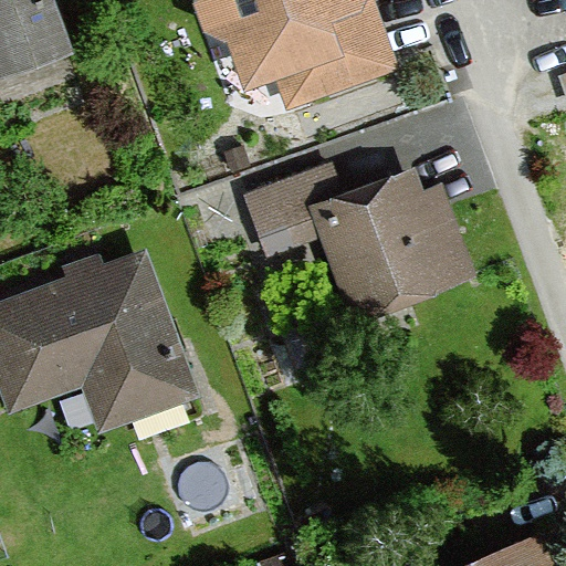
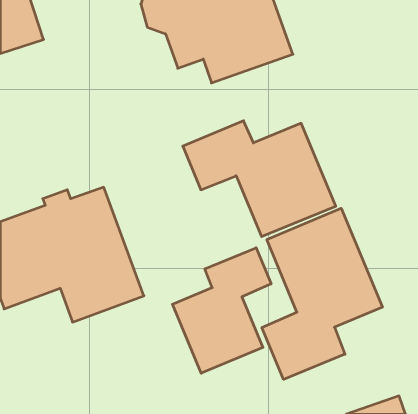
building: none -> [262,208,382,379]
building: none -> [172,248,271,373]

